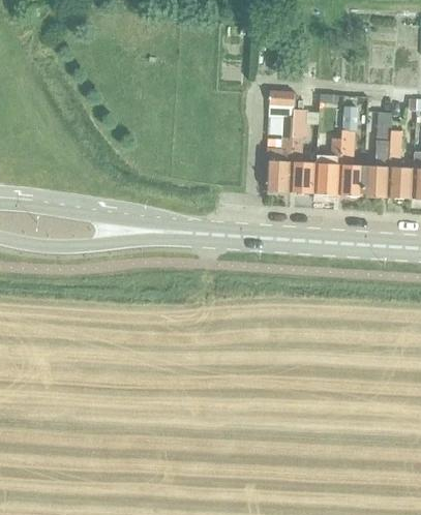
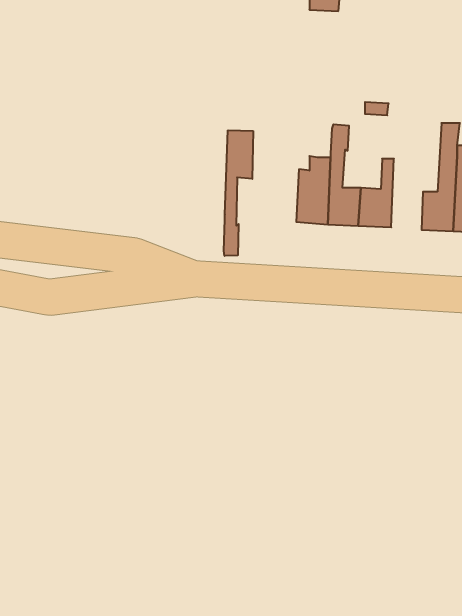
building: [270,89,295,116] -> none
building: [339,105,364,195] -> none
building: none -> [224,130,253,256]

